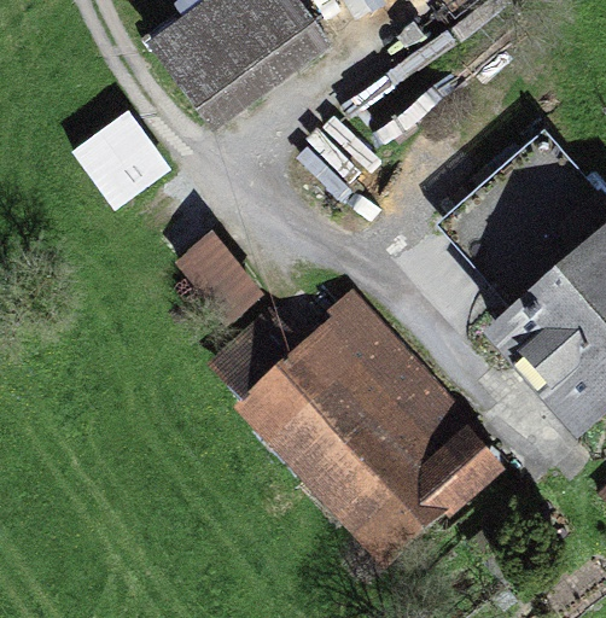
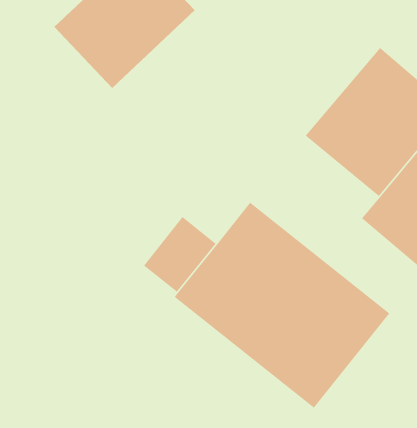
building: [75,107,175,208] -> none
building: [173,229,268,327] -> none

